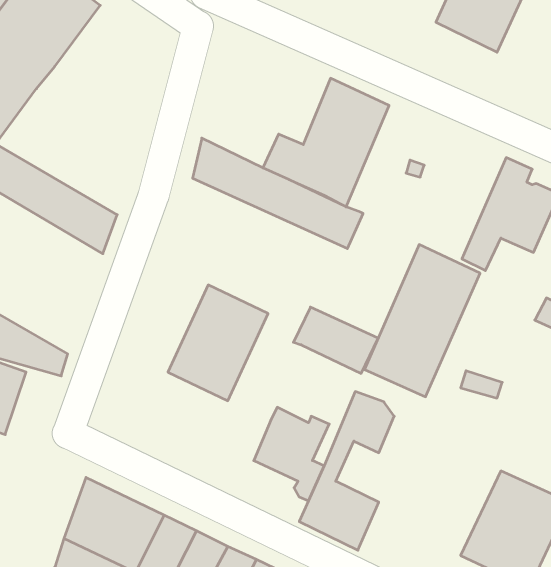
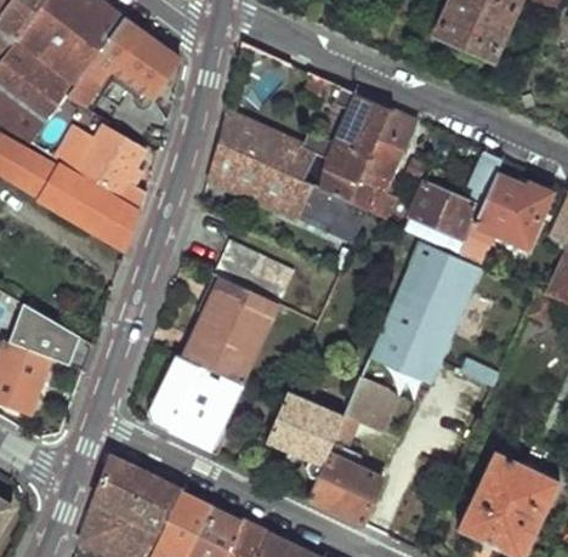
building: none -> [80,17,178,97]
building: none -> [217,108,289,169]
building: none -> [352,110,416,210]
building: none -> [52,124,144,206]
building: none -> [405,152,501,254]
building: [293,307,378,373] -> [216,243,295,305]
building: none -> [146,354,242,453]

